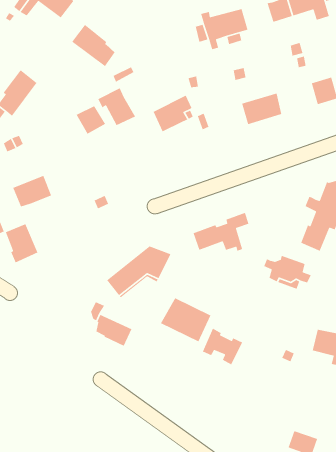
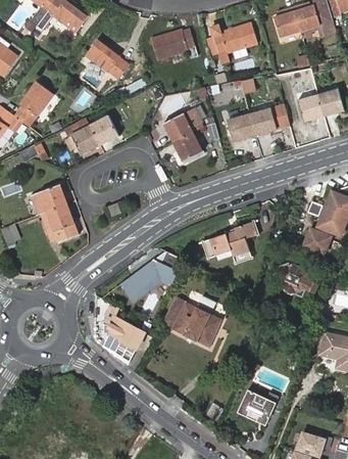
building: none -> [150,28,197,58]
building: none -> [298,94,324,122]
building: [97,87,136,126] -> [63,116,101,153]
building: none -> [230,113,256,140]
building: none -> [173,132,203,159]
building: [5,223,39,263] -> [47,203,80,242]
building: [202,328,243,365] -> [236,388,276,425]

